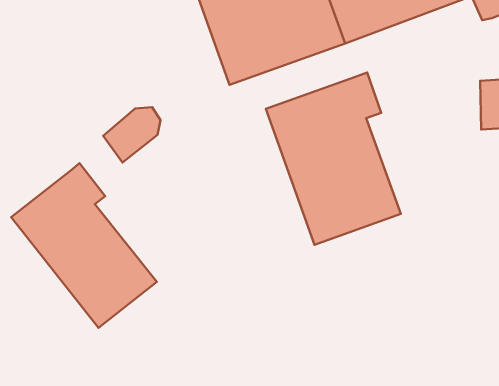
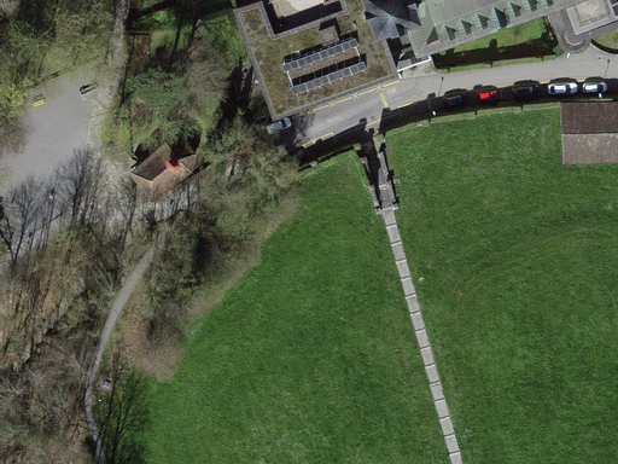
building: [266,72,401,245] -> none
building: [11,163,157,328] -> none

